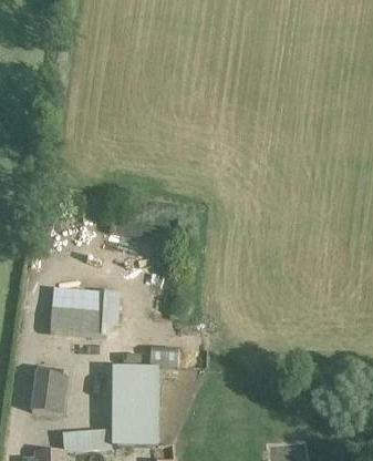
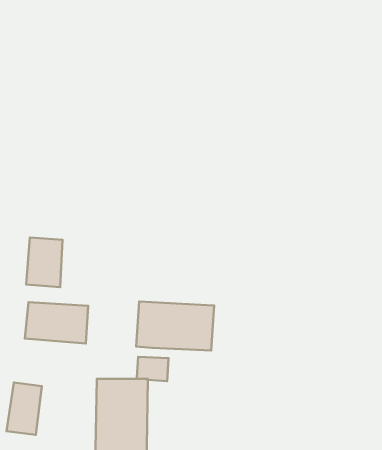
building: none -> [26,237,63,287]
building: none -> [136,302,214,351]

